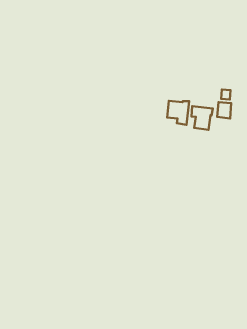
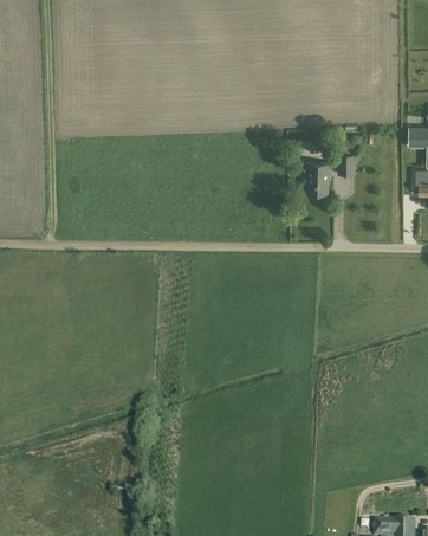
building: [167,101,189,125] -> none

